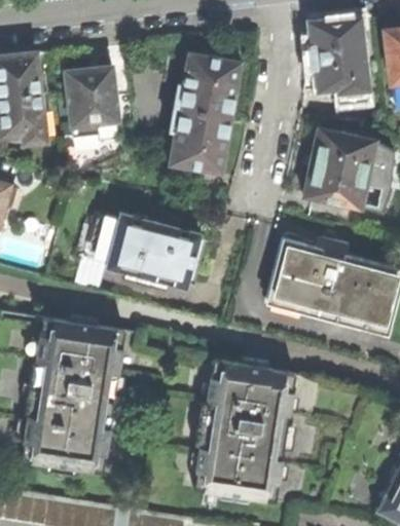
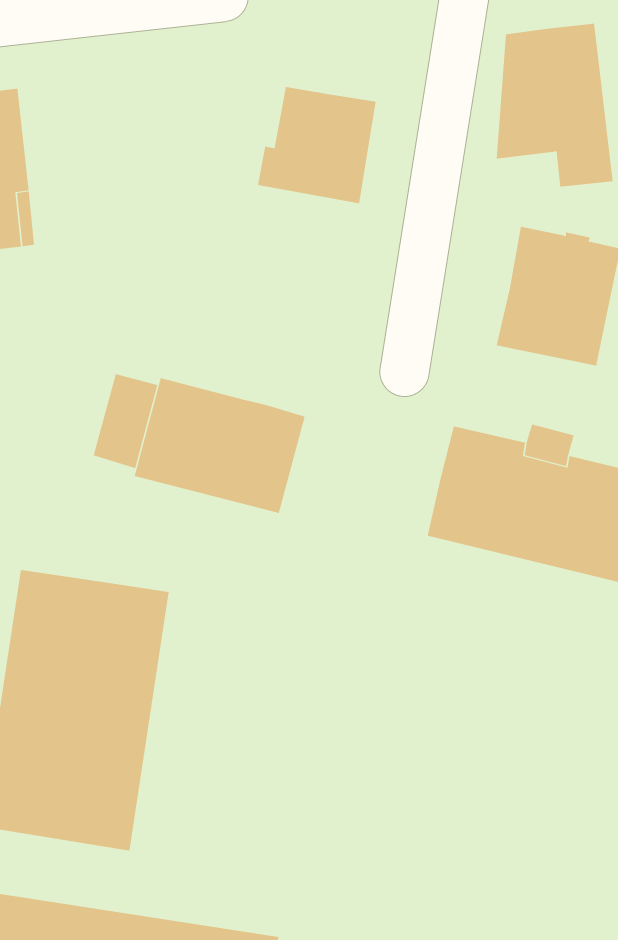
building: [65,66,117,139] -> none
building: [169,107,229,174] -> none
building: [194,361,295,502] -> none

